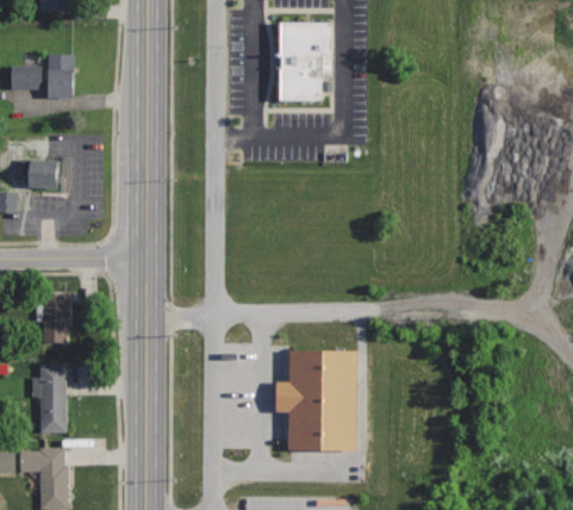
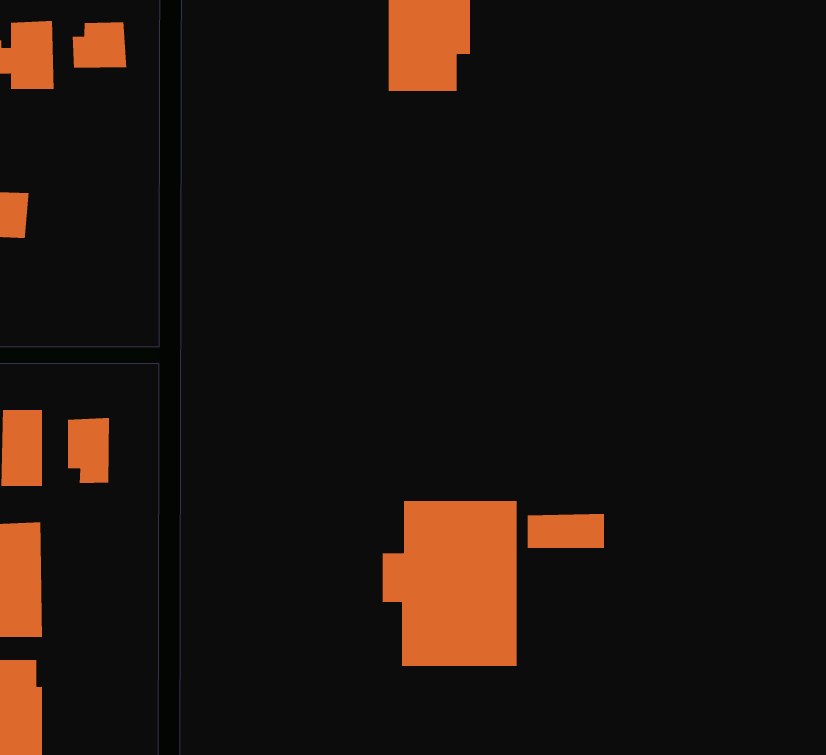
building: none -> [72,21,127,69]
building: none -> [67,417,110,484]
building: none -> [527,513,605,549]

